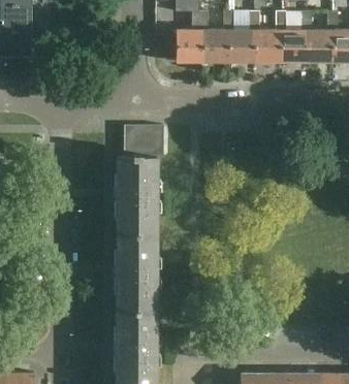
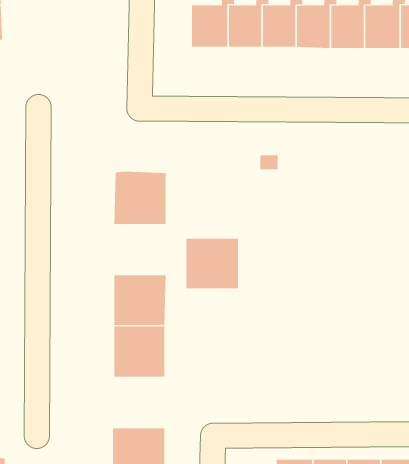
building: [124,125,164,157] -> none
building: [117,196,157,234] -> [186,238,239,289]
building: [116,312,156,350] -> none

